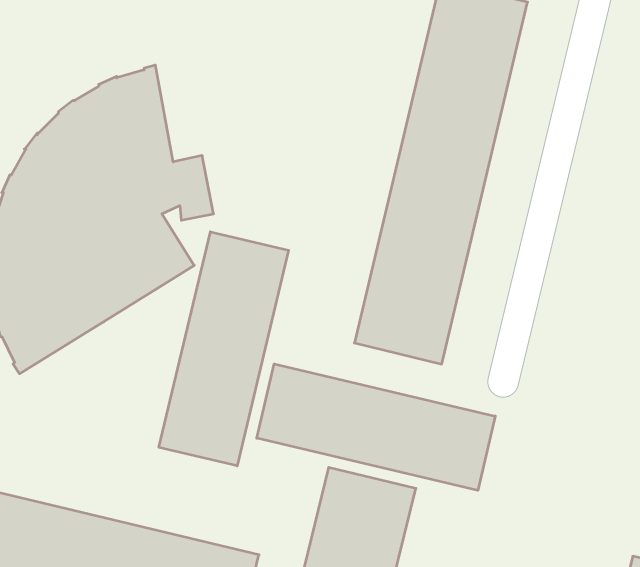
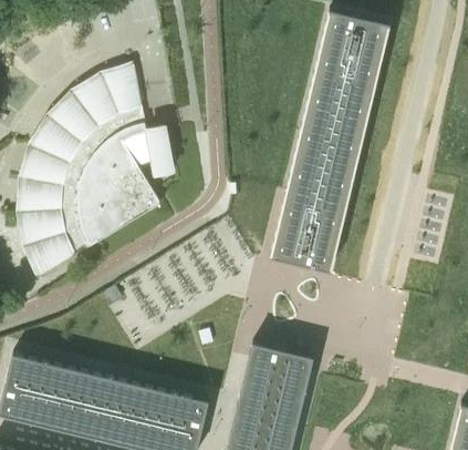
building: [159,232,289,466] -> none
building: [257,364,495,490] -> none

